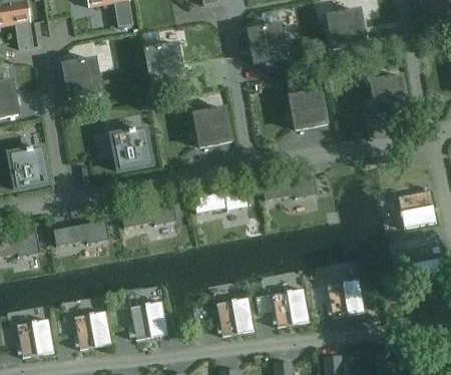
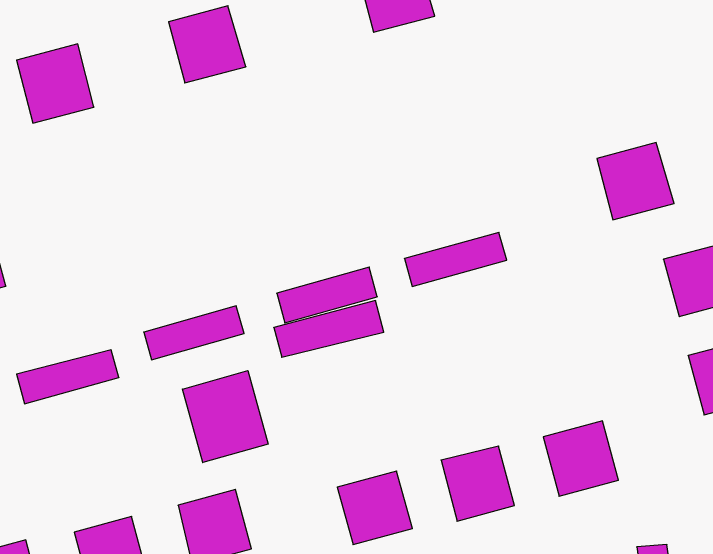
building: [371,74,410,113] -> [597,143,674,220]
building: [290,89,329,128] -> none
building: [194,106,233,146] -> none
building: [106,128,151,171] -> none
building: none -> [182,371,268,463]

